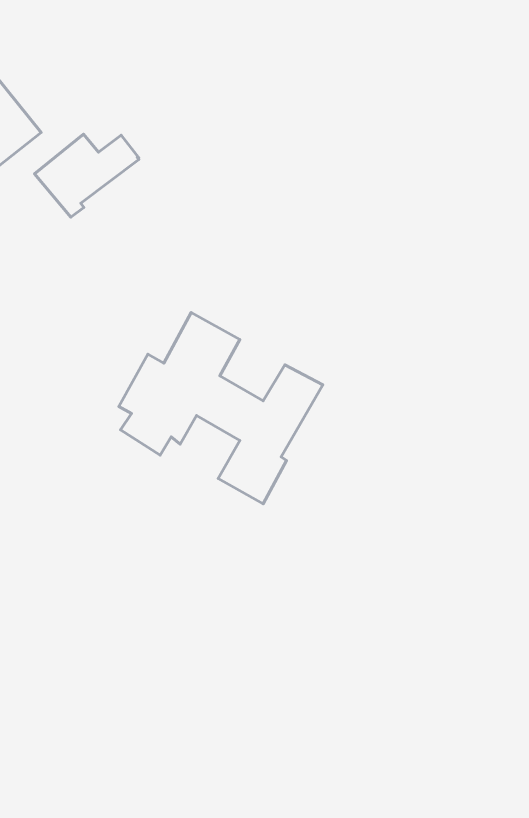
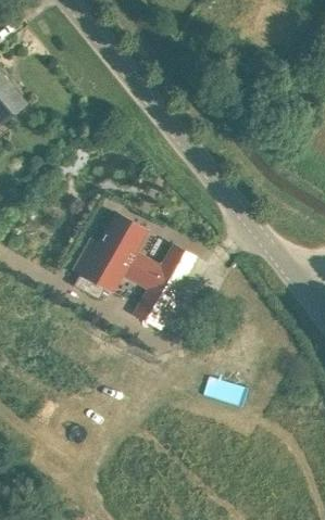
building: [35,134,139,217] -> none

